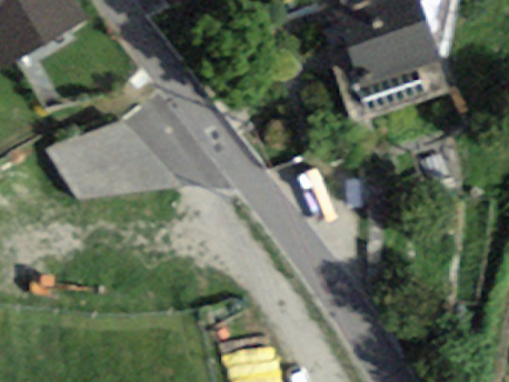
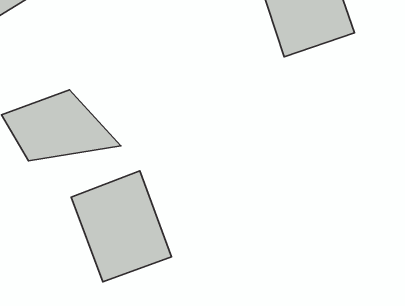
building: none -> [71,171,172,282]

